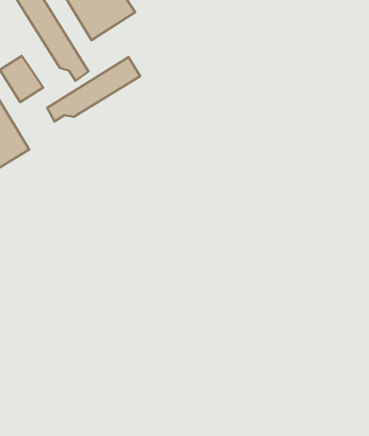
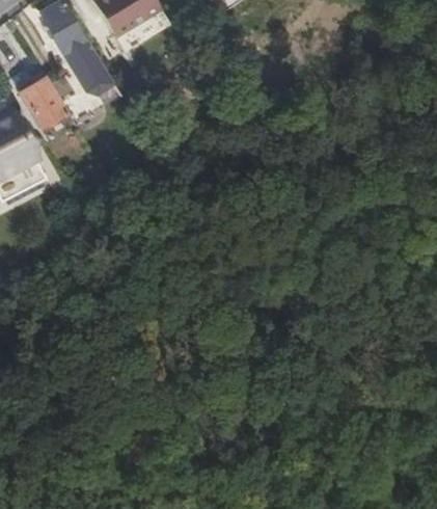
building: [47,57,140,121] -> none

